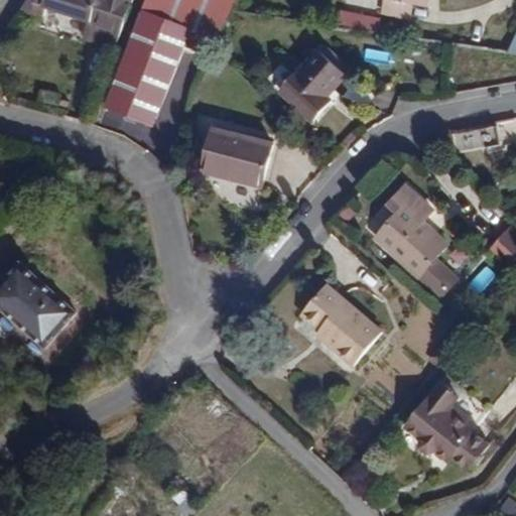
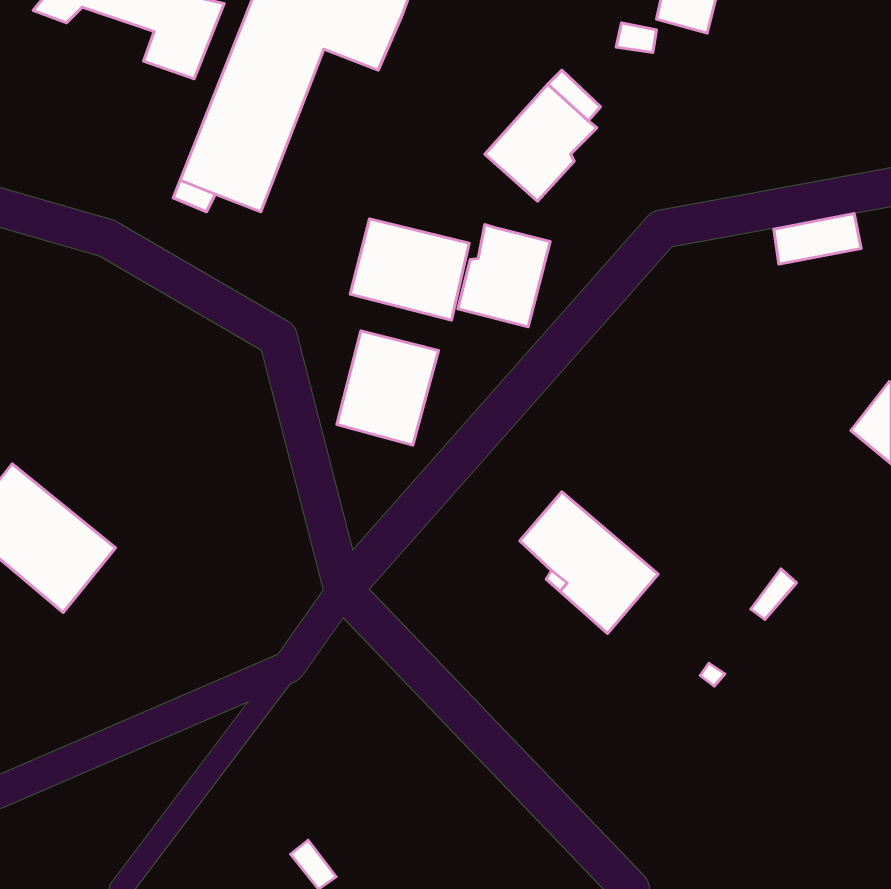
building: none -> [458,225,550,327]
building: none -> [337,331,439,445]
building: [374,191,458,293] -> none
building: [405,384,486,467] -> none

